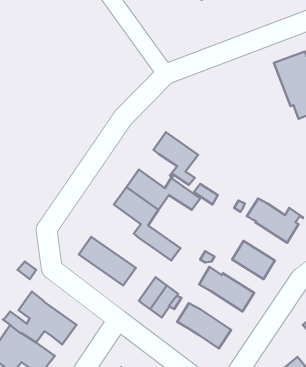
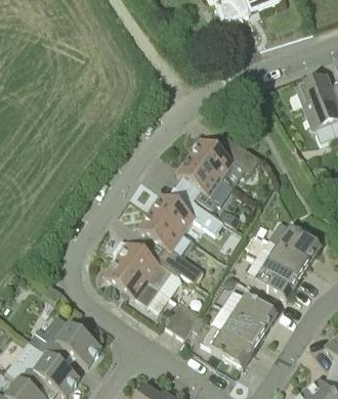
building: none -> [189,137,259,177]
building: none -> [113,238,182,296]
building: none -> [264,238,309,281]
building: none -> [211,305,265,350]

